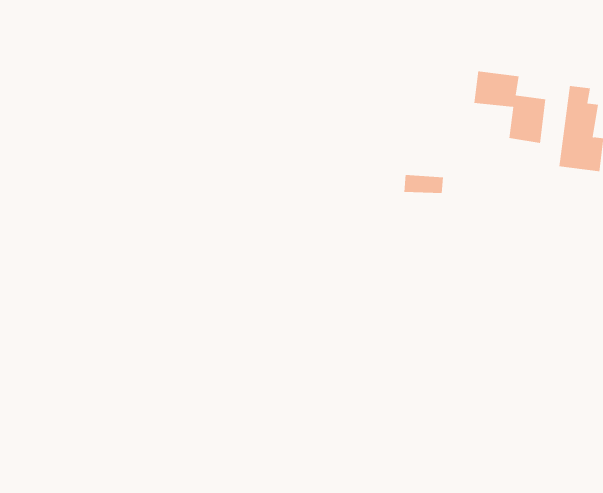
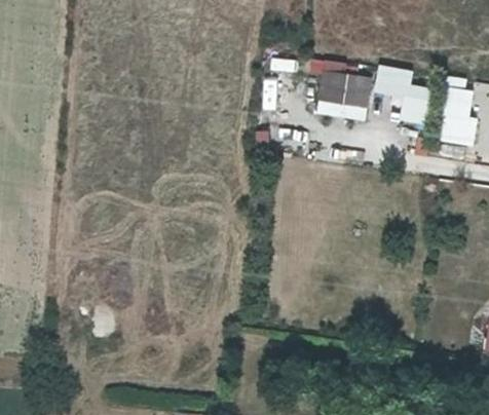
building: none -> [318,70,371,117]

